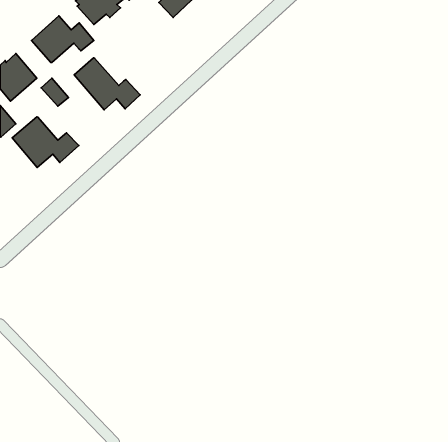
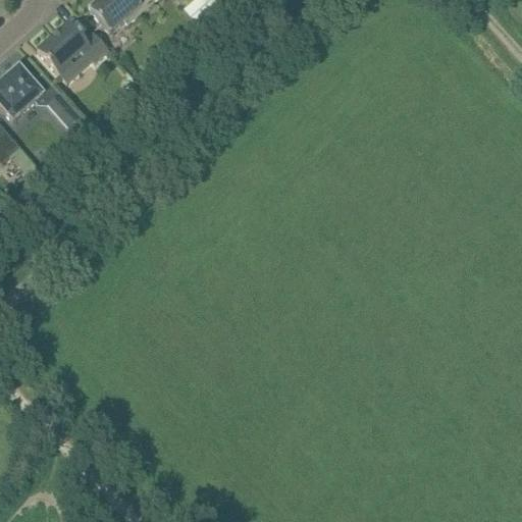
building: [74,58,140,110] -> none
building: [12,117,79,168] -> none

